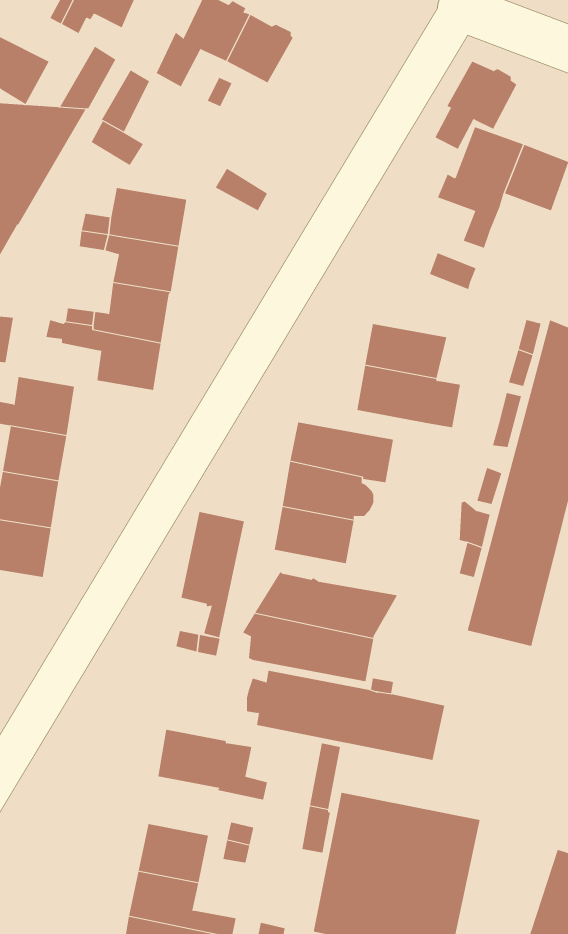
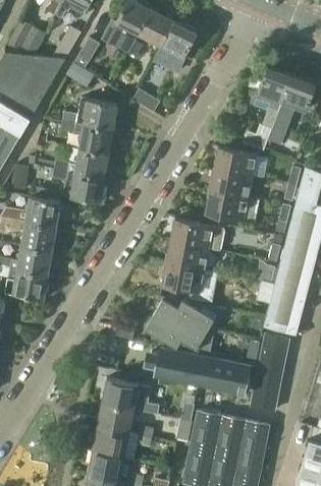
building: [435,61,517,149] -> [154,21,197,67]
building: none -> [214,147,257,176]
building: [181,511,245,638] -> none
building: none -> [252,335,289,411]
building: none -> [98,403,135,433]

